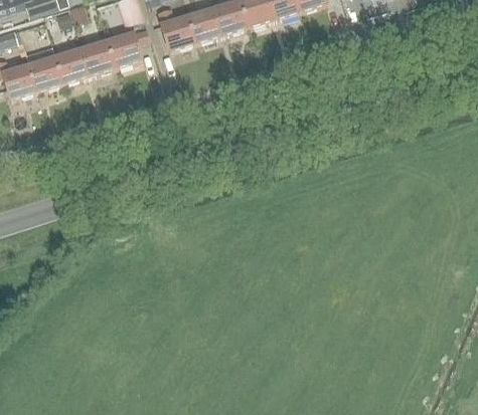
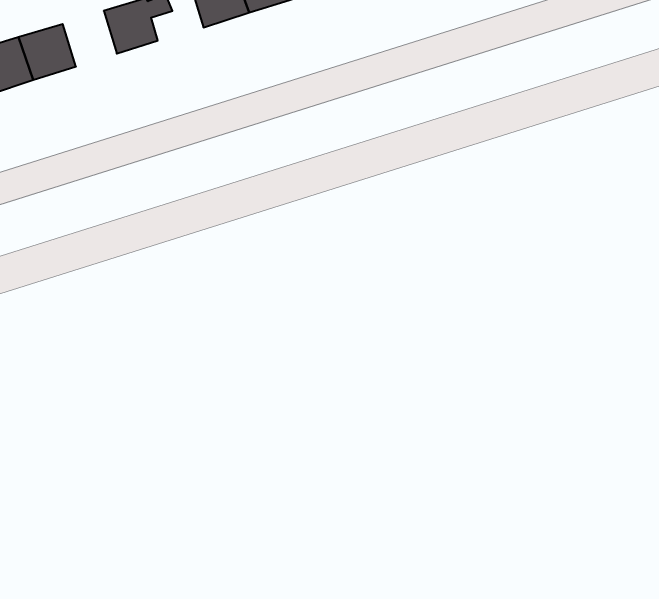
building: [84,40,117,74] -> none

